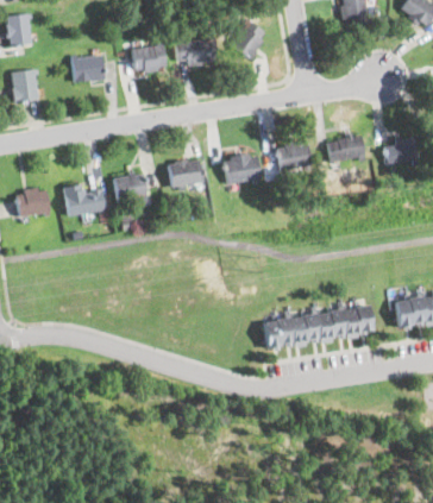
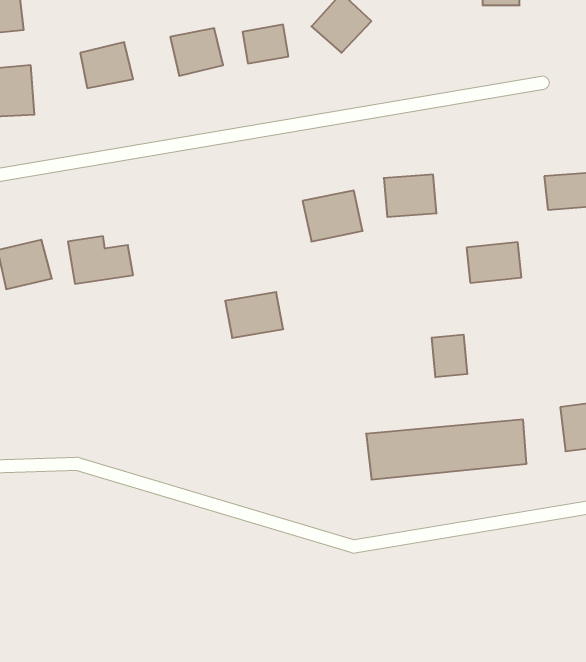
building: [327,134,364,162] -> [467,242,521,283]
building: [168,159,207,190] -> [225,292,283,338]
building: [114,172,149,206] -> none
building: none -> [432,335,467,377]

